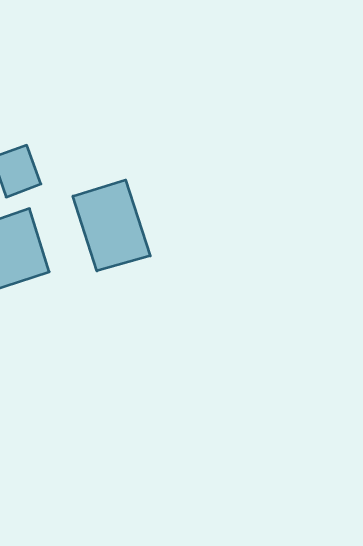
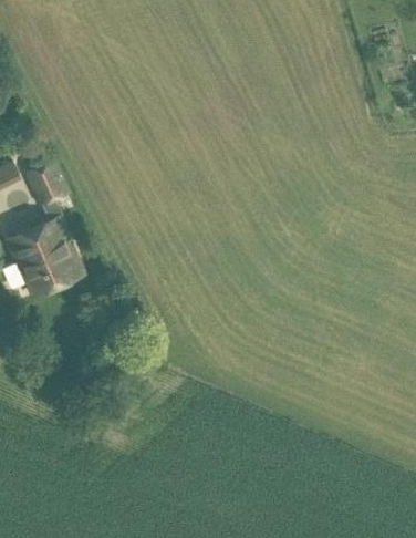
building: [73,180,150,271] -> none

